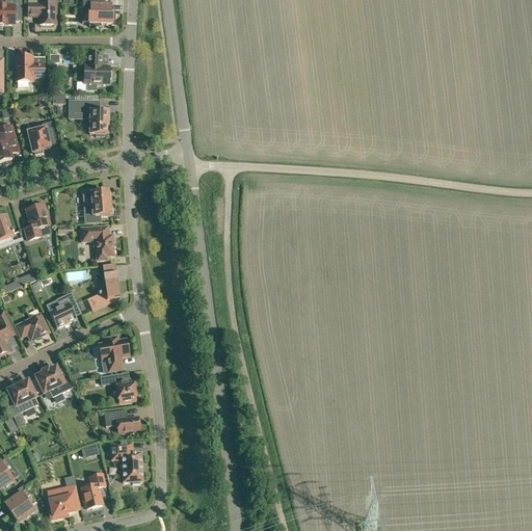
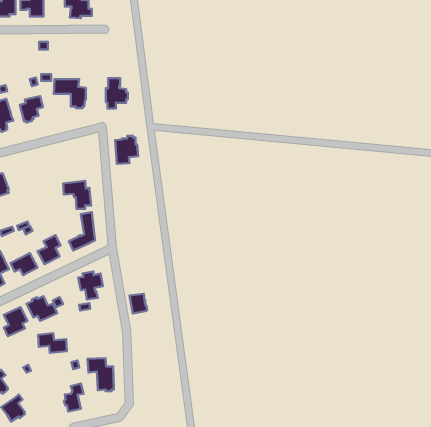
building: [84,52,111,89] -> [106,78,128,109]
building: [16,55,44,80] -> none
building: [83,188,111,222] -> [115,136,138,164]
building: [25,203,49,239] -> none
building: [115,378,137,402] -> [129,294,147,313]
building: [104,408,139,432] -> [38,333,67,353]
building: [47,484,81,519] -> none

